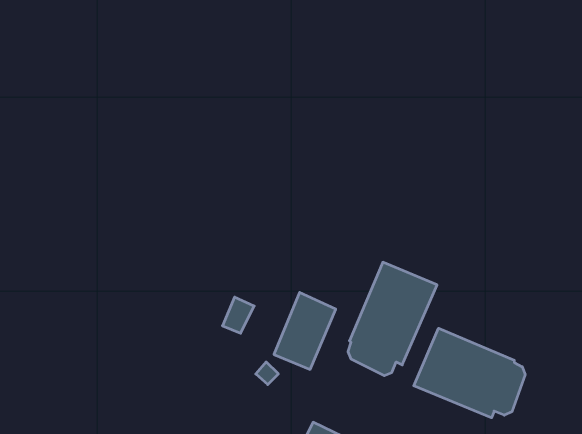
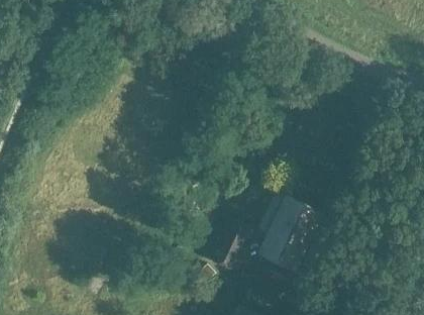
building: [414,328,525,418] -> none

